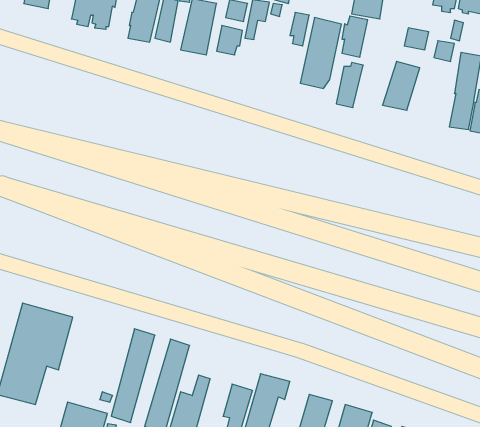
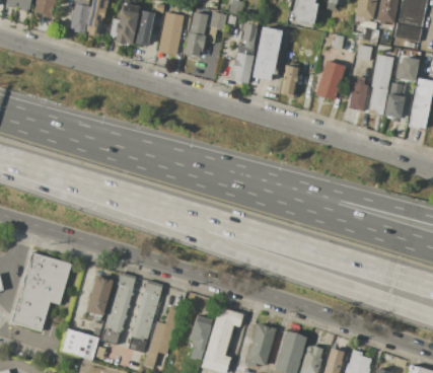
building: [342,16,368,57] -> [233,53,254,85]
building: none -> [349,77,368,110]
building: none -> [86,276,114,315]

